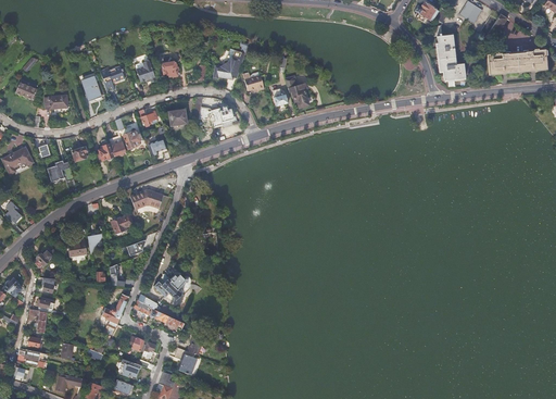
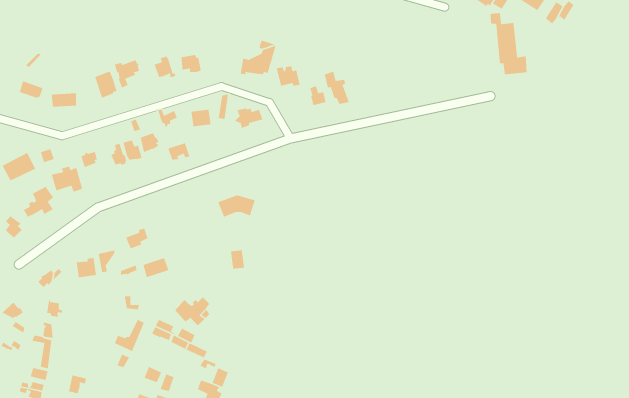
building: [489,48,545,72] -> none
building: none -> [23,186,54,218]
building: [129,189,163,210] -> [217,194,256,218]

